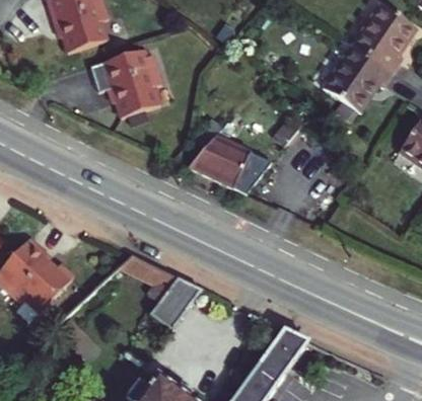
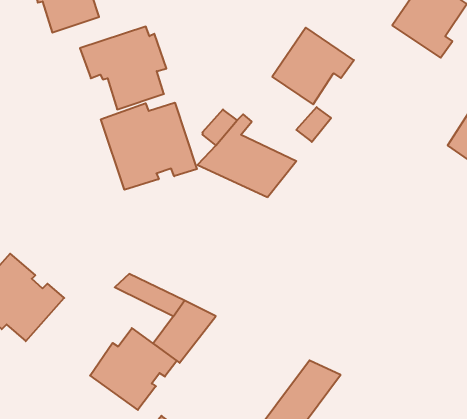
building: [324,47,393,111] -> [272,28,354,104]
building: none -> [101,103,197,190]
building: none -> [90,328,177,410]

